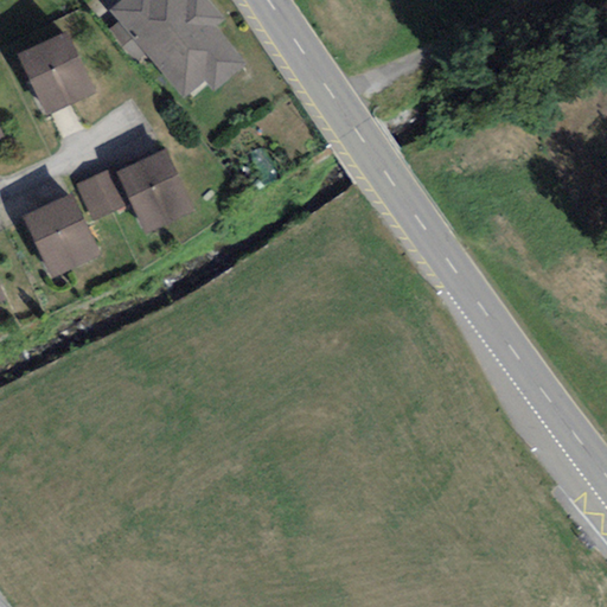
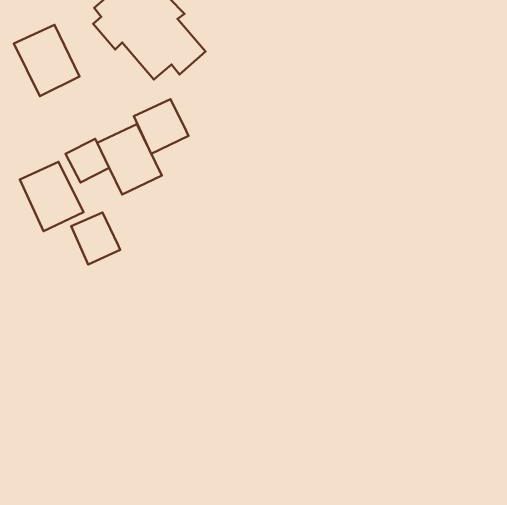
building: none -> [134,99,189,154]
building: none -> [71,212,120,265]

